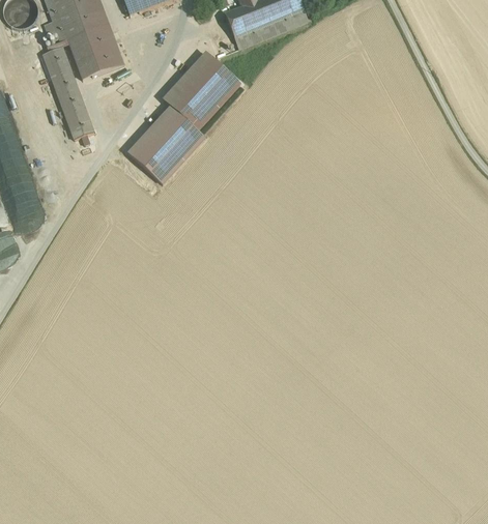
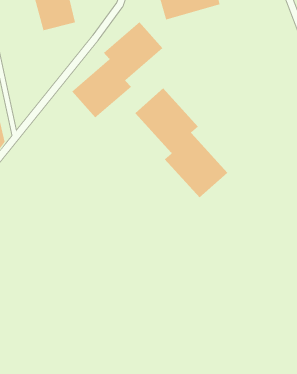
building: [41,43,92,136] -> none
building: none -> [135,88,228,198]

